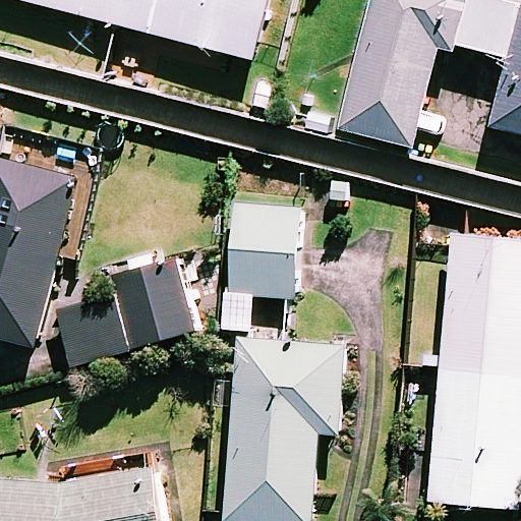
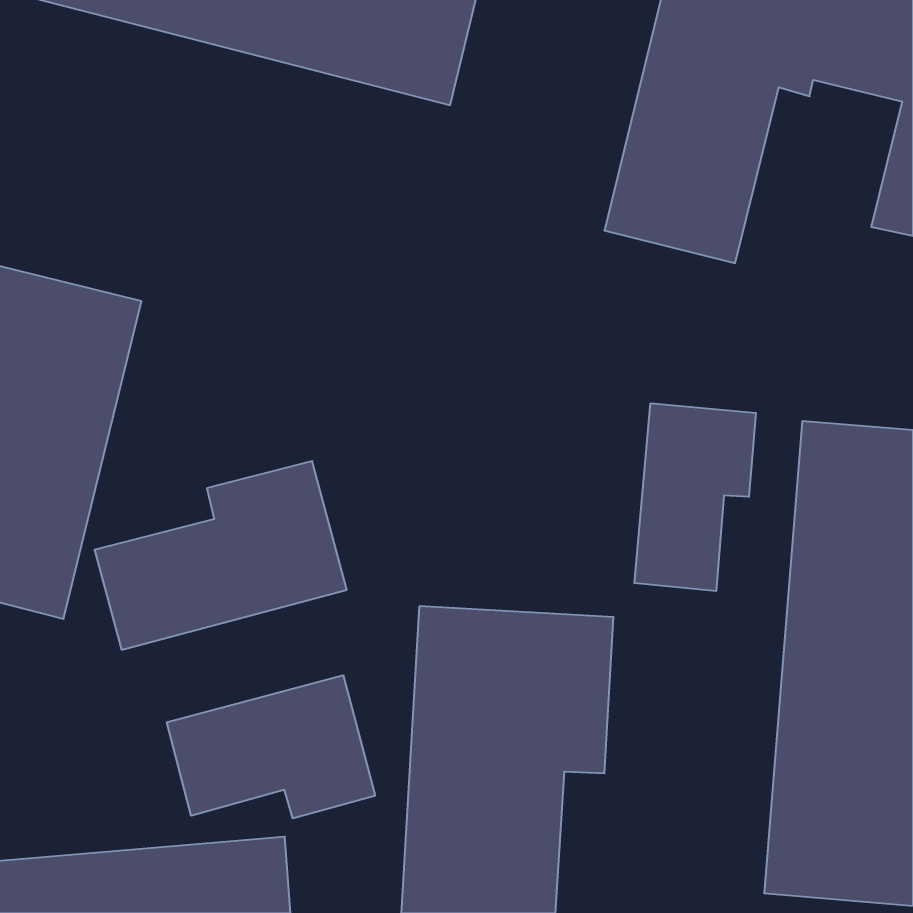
building: [220,202,300,329] -> none
building: none -> [634,403,756,591]
building: none -> [167,675,375,818]

